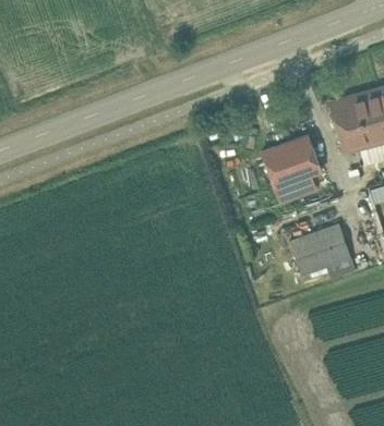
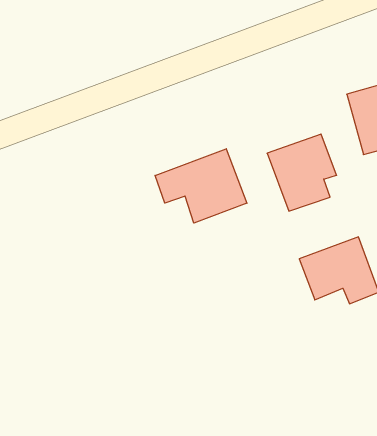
building: none -> [155,149,247,223]

